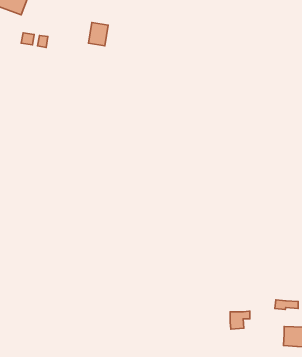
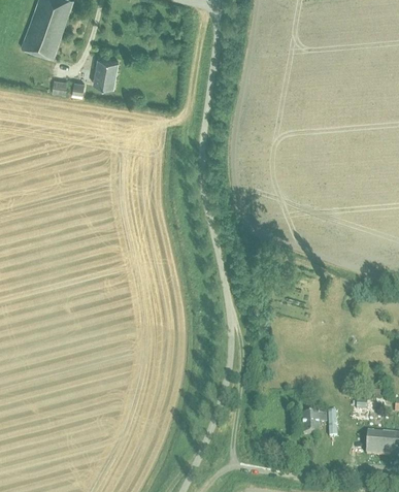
building: [89,23,108,46] -> [94,58,118,86]

